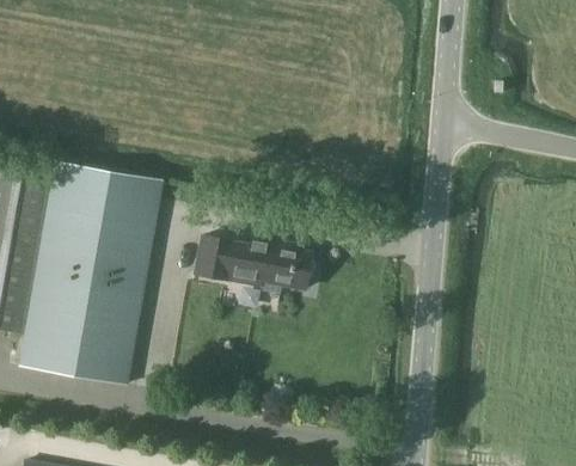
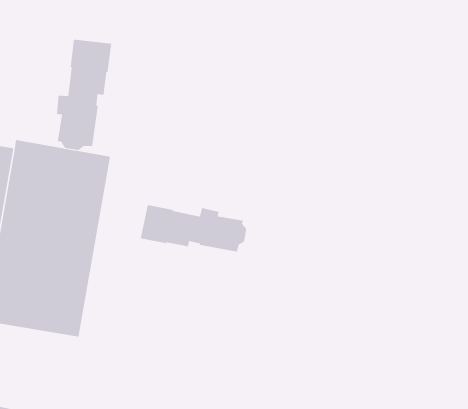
building: none -> [57,39,112,151]

